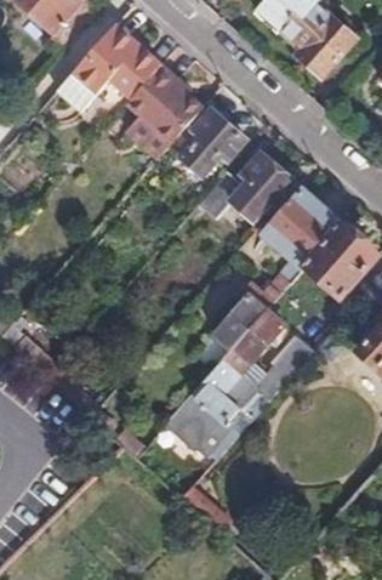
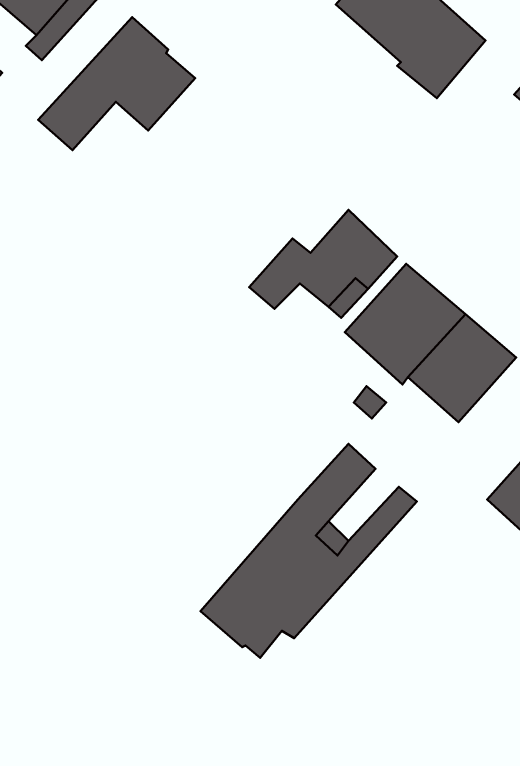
building: [120,64,204,166] -> none
building: [179,108,245,174] -> none
building: [215,280,276,348] -> none

